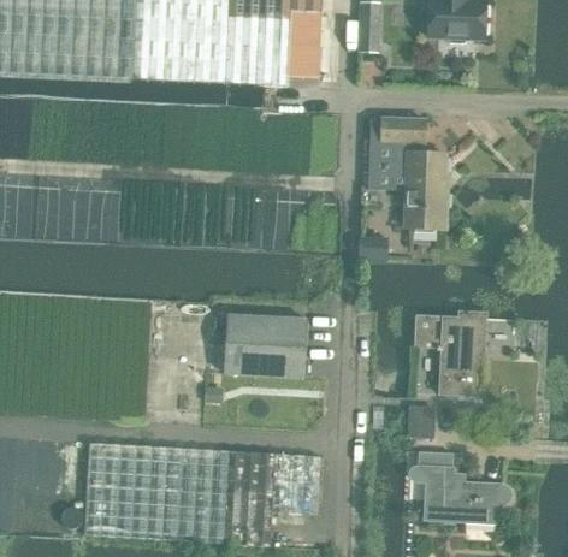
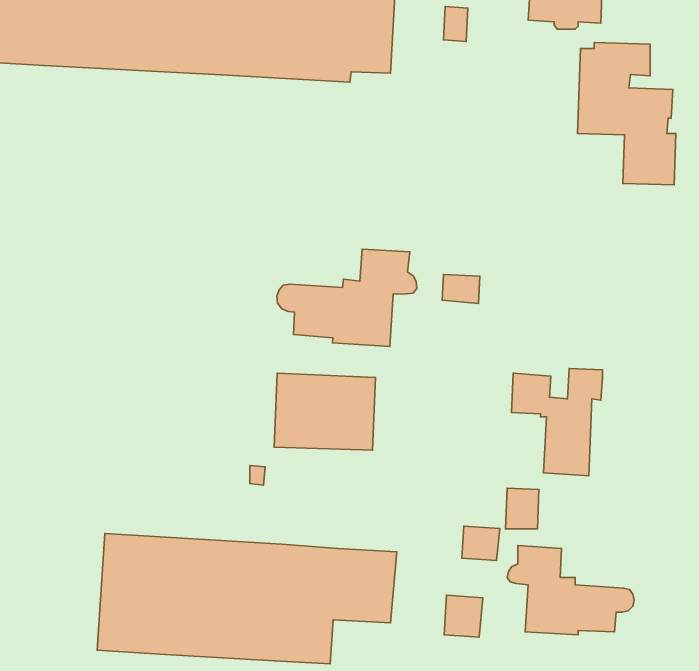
building: [367,117,445,230] -> [578,43,676,185]
building: none -> [277,249,417,347]
building: none -> [462,526,500,560]
building: none -> [444,595,483,637]

